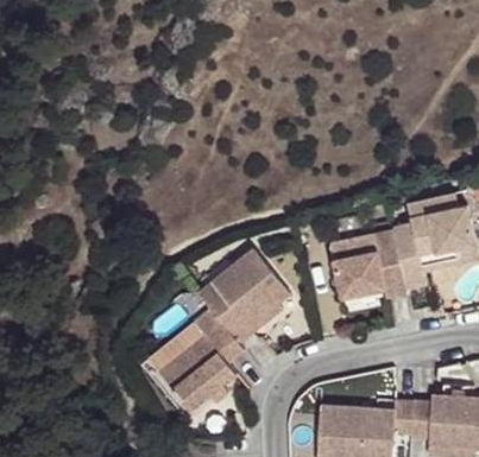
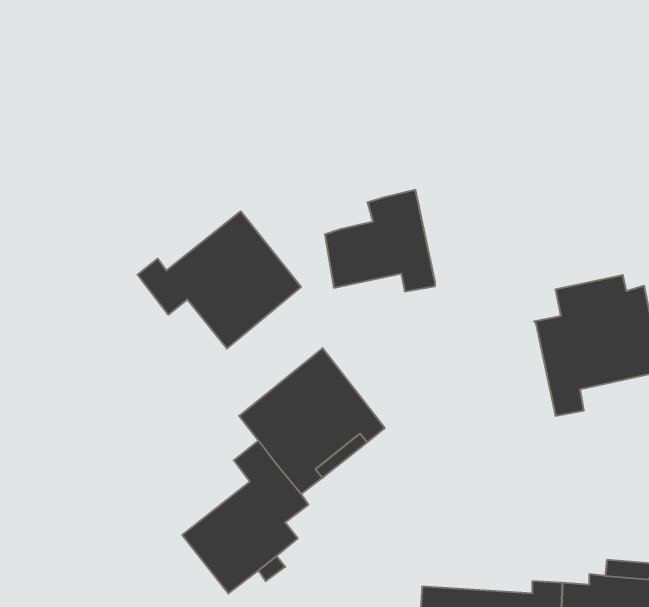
building: none -> [137,211,301,349]
building: [335,229,409,297] -> [325,190,435,291]

